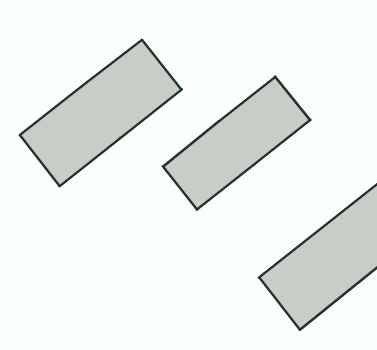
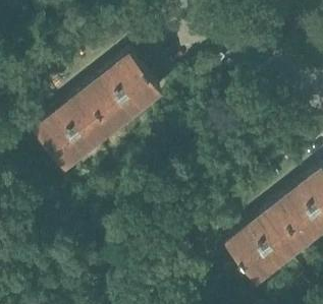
building: [163,77,310,210] -> none

